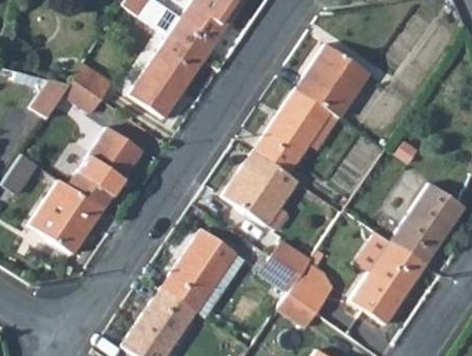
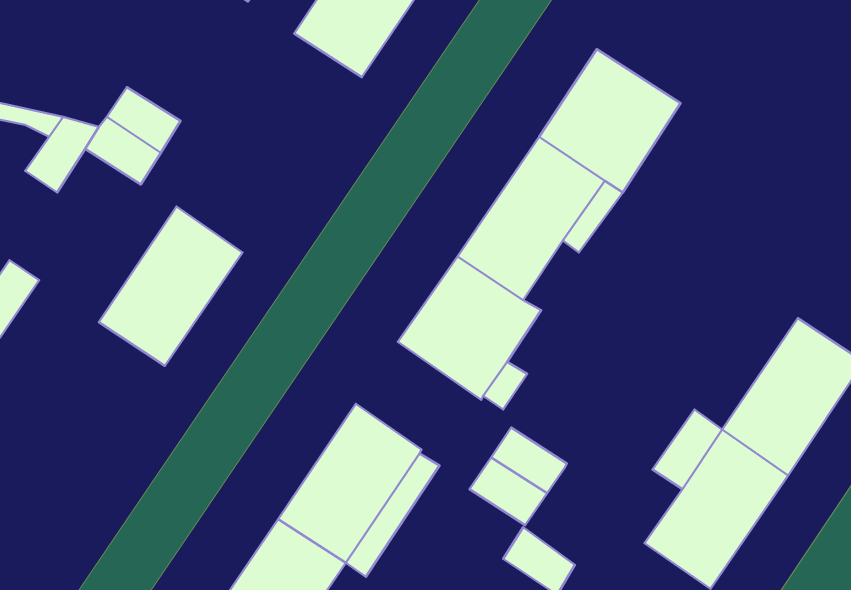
building: [131,36,205,119] -> none
building: [30,180,103,254] -> none
building: [289,261,327,312] -> none

